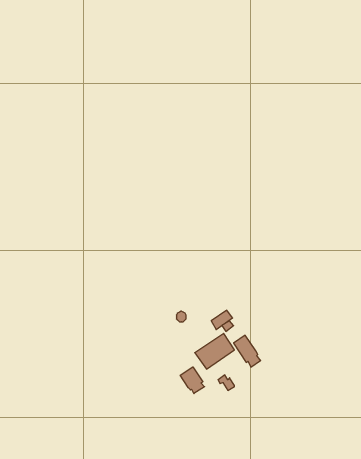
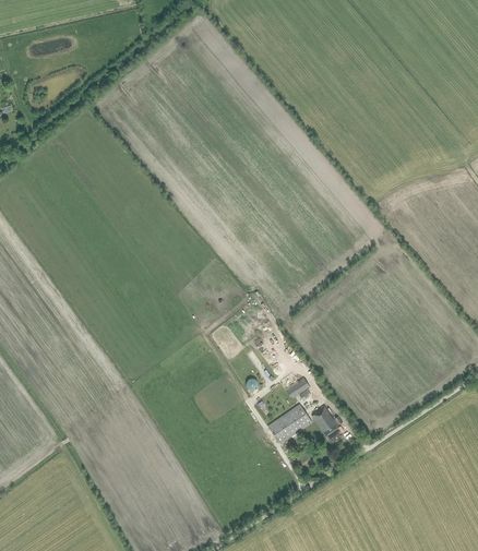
building: [180,367,205,394] -> none

